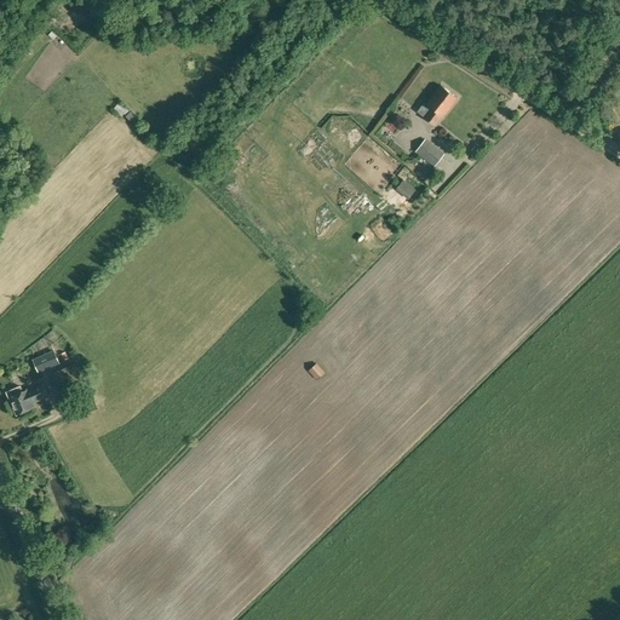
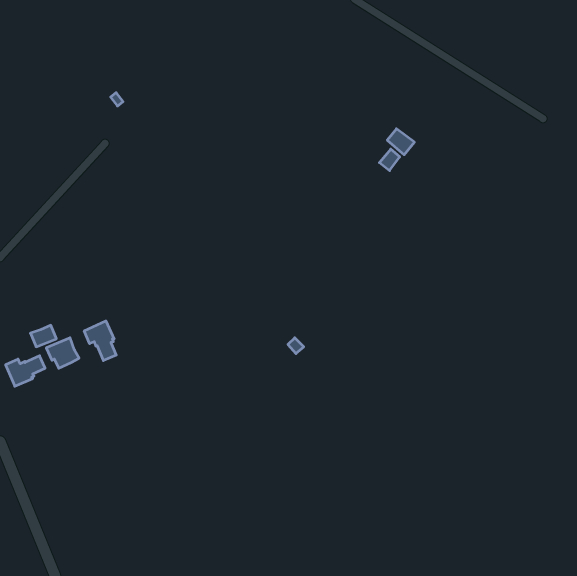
building: [417,85,458,124] -> none
building: none -> [84,321,116,361]

